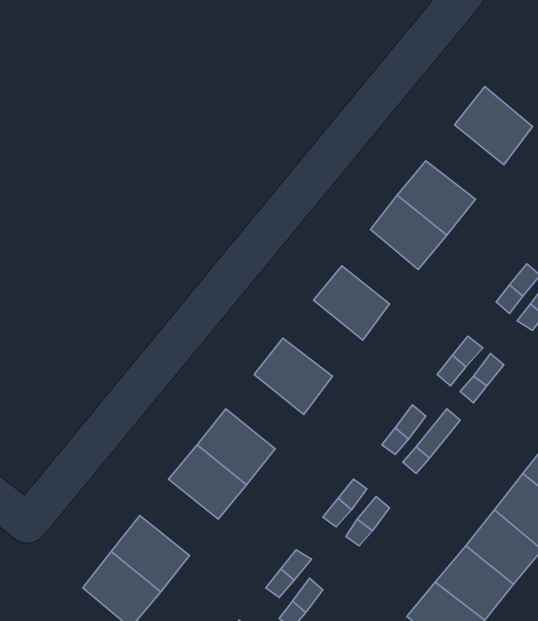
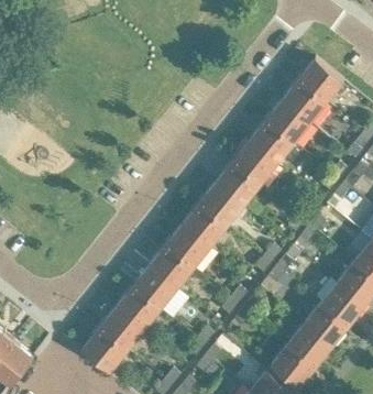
building: none -> [279,81,325,124]
building: none -> [231,142,275,185]
building: none -> [197,183,243,227]
building: none -> [164,226,209,269]
building: none -> [114,286,160,330]

